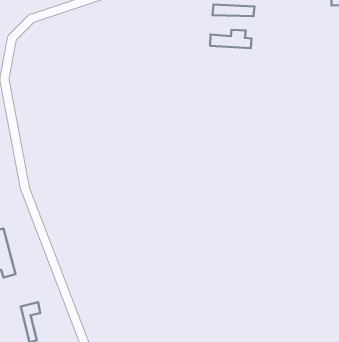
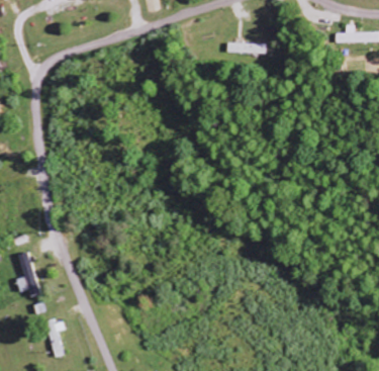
building: [210,30,252,48] -> none

